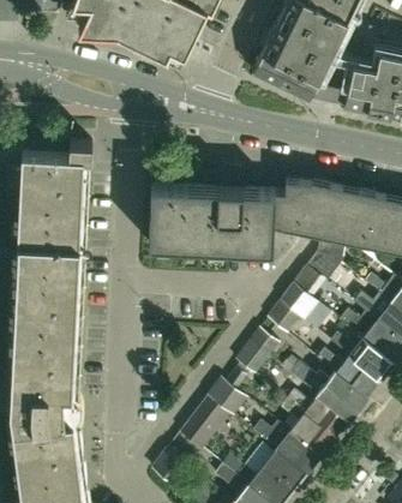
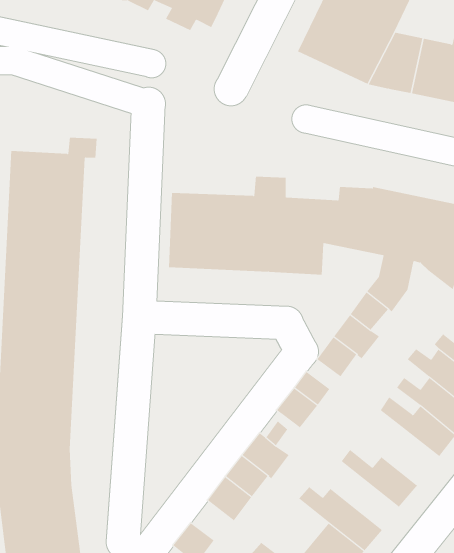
building: [290,361,368,420] -> none
building: [282,400,335,455] -> none

